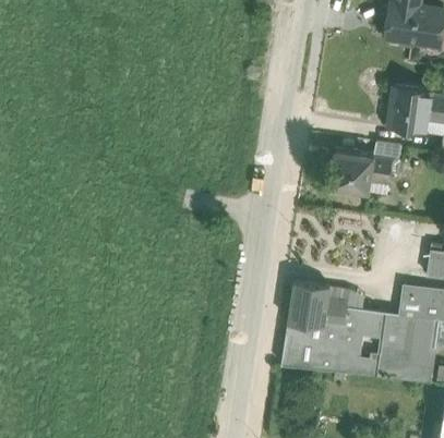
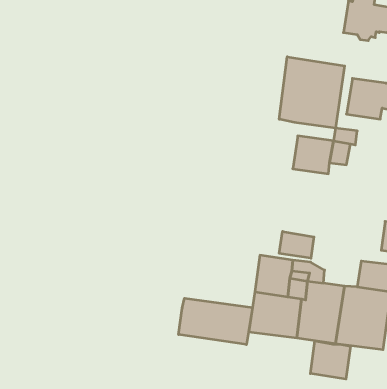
building: none -> [279,57,345,128]
building: none -> [279,231,314,258]
building: none -> [179,298,253,345]
building: none -> [310,341,350,379]

